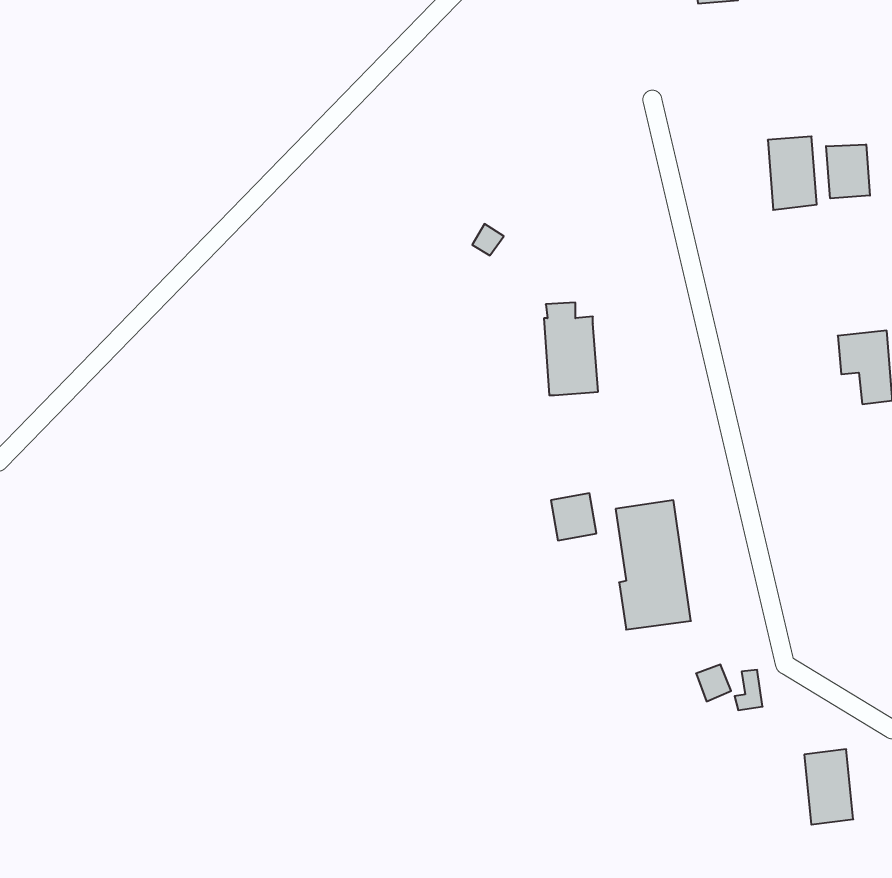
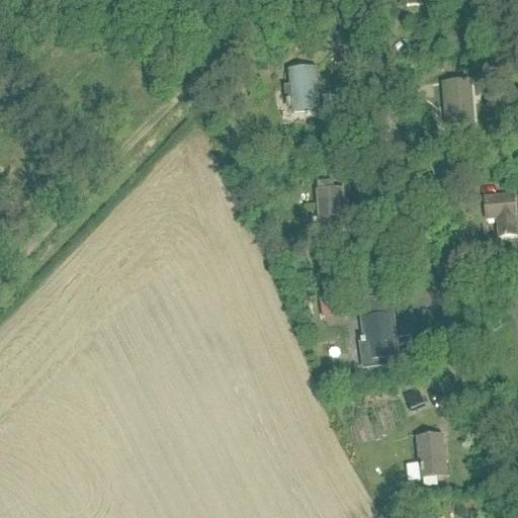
building: none -> [283,66,320,108]
building: [826,144,870,198] -> none
building: [804,749,853,825] -> [418,432,446,476]

